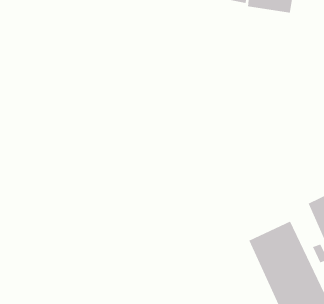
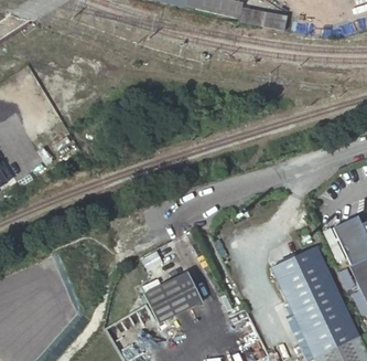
building: none -> [144,270,201,318]

